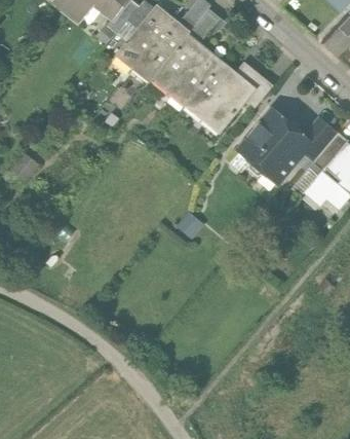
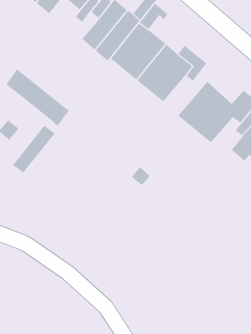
building: none -> [5,69,69,126]
building: none -> [12,125,55,173]

